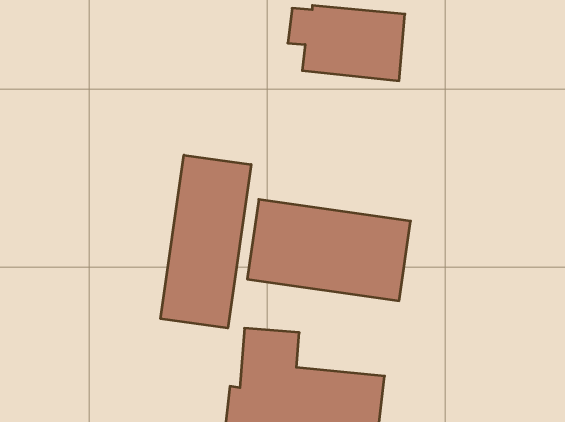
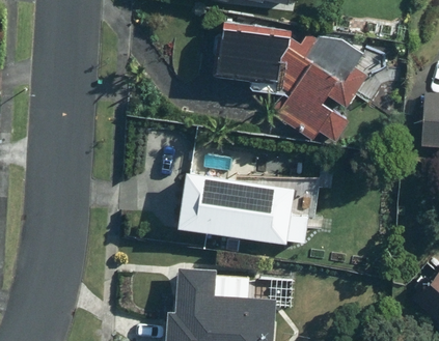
building: none -> [278,34,372,146]
building: [161,155,251,328] -> none

